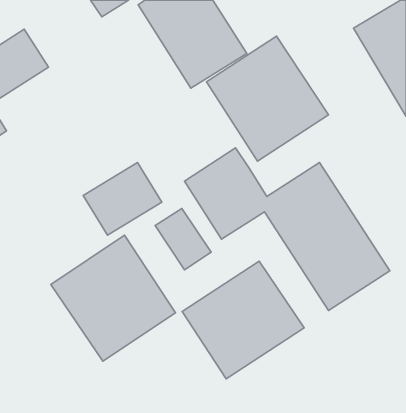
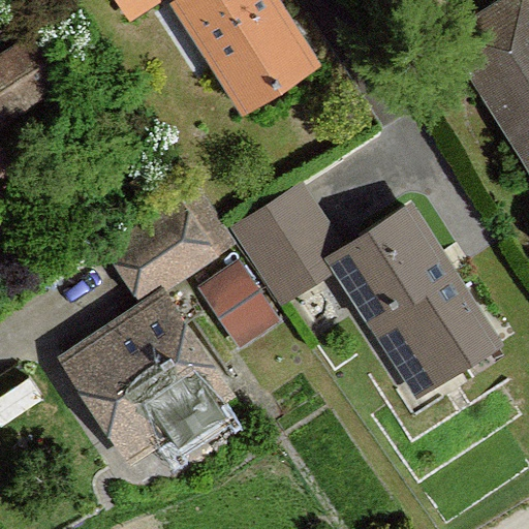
building: [206,36,329,161] -> none
building: [182,261,304,379] -> none

